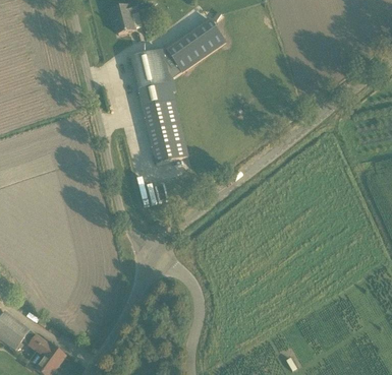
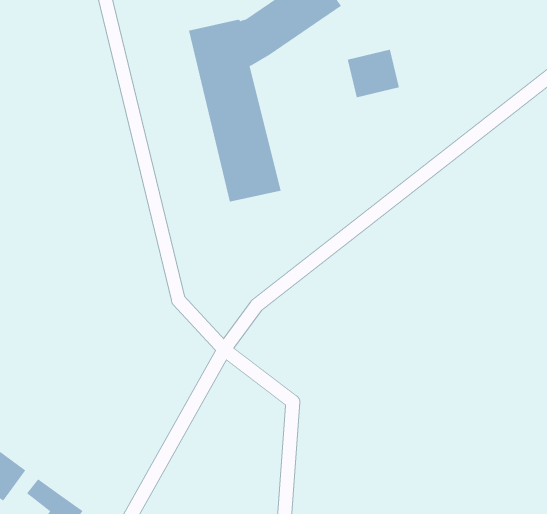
building: none -> [347,49,400,98]

